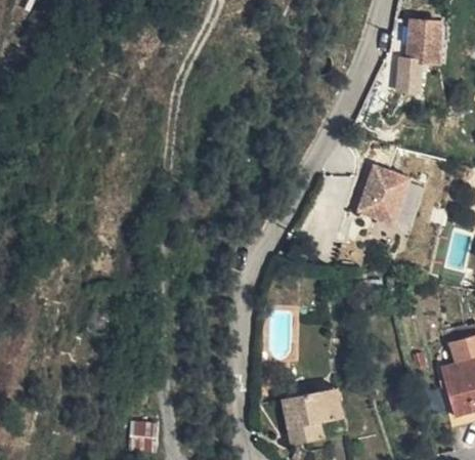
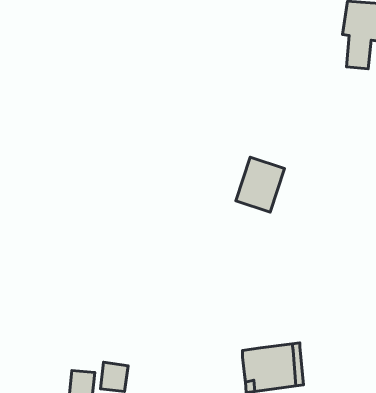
building: [372,163,424,222] -> [236,157,285,212]

